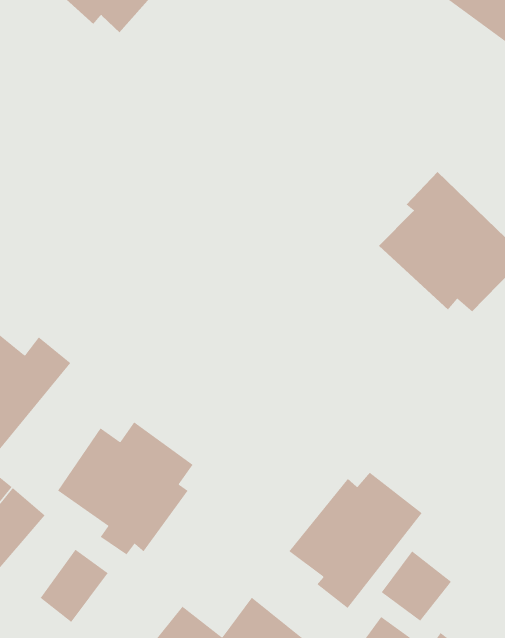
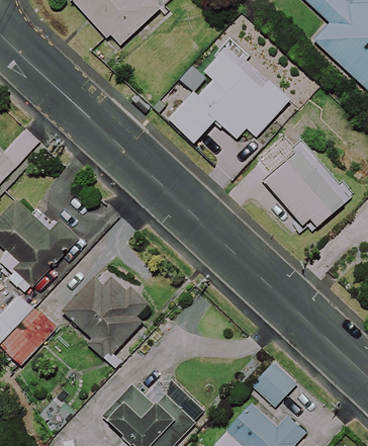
building: none -> [168,41,291,144]
building: [289,472,423,609] -> none
building: [40,549,109,623] -> none

